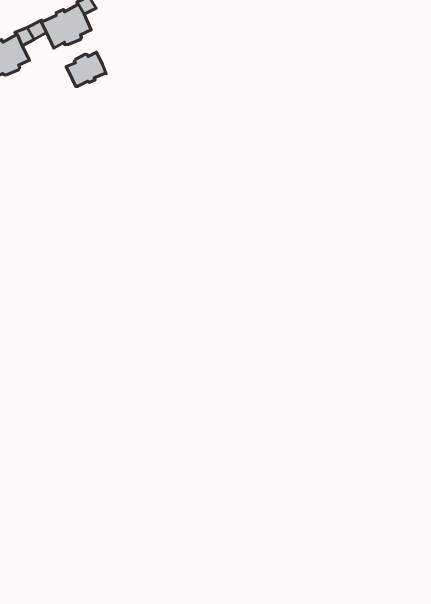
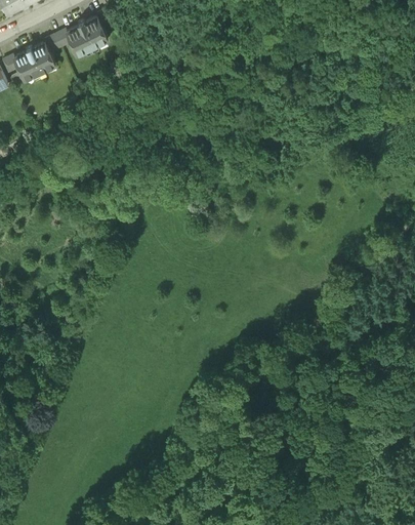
building: [66,52,106,87] -> none

